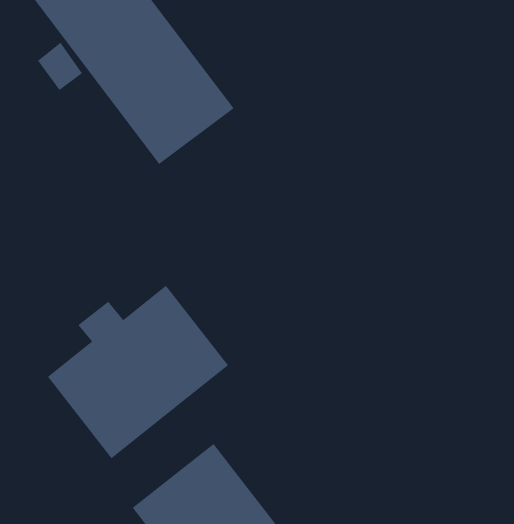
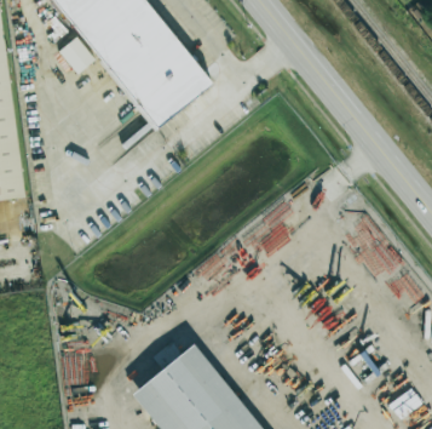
building: [47,285,229,459] -> none

